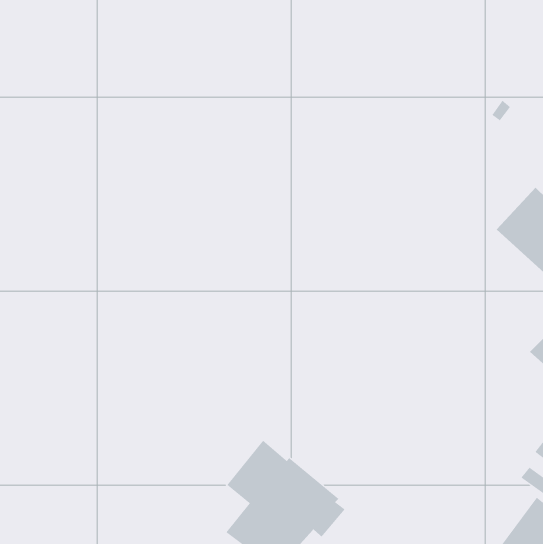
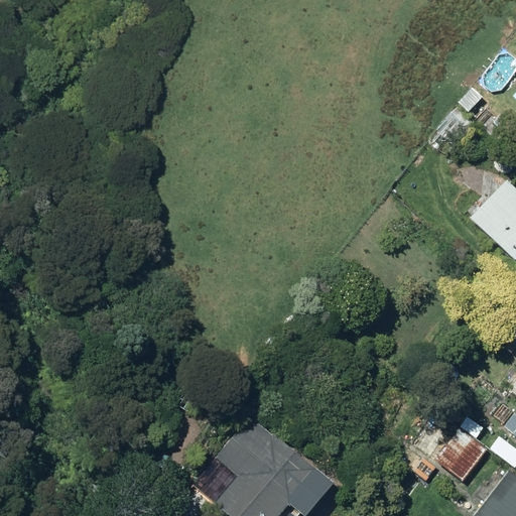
building: none -> [437,429,491,485]

